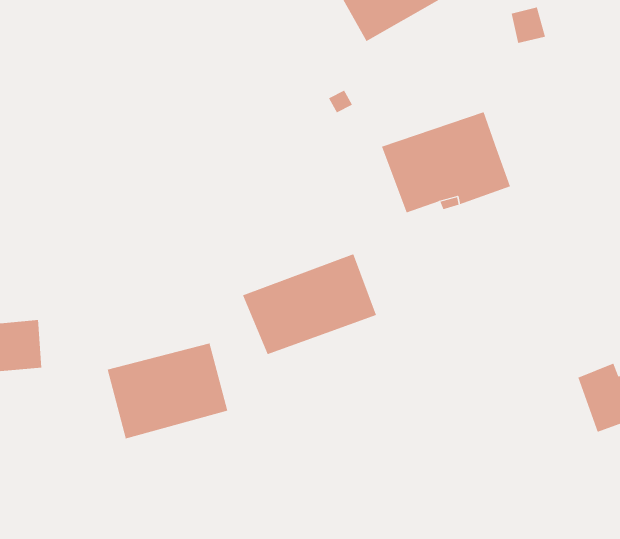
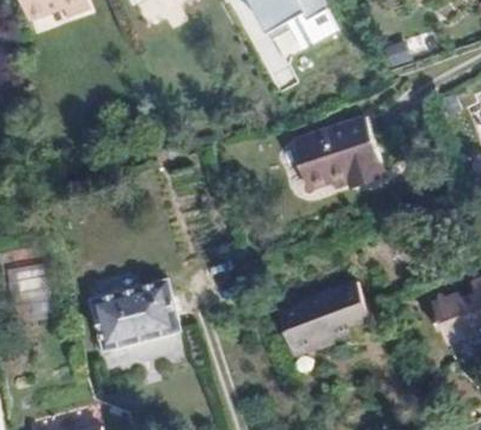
building: [242,253,377,355] -> [276,280,373,352]

